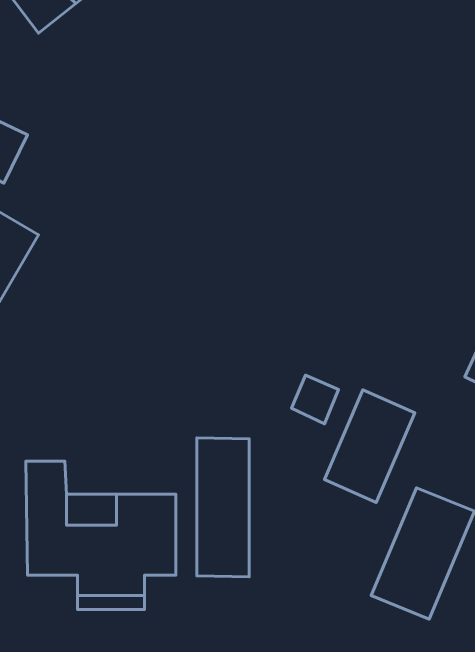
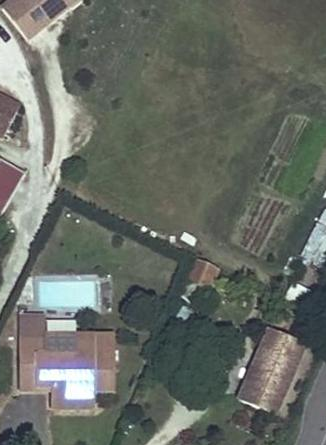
building: [324,390,415,503] -> none
building: [197,438,249,577] -> none

